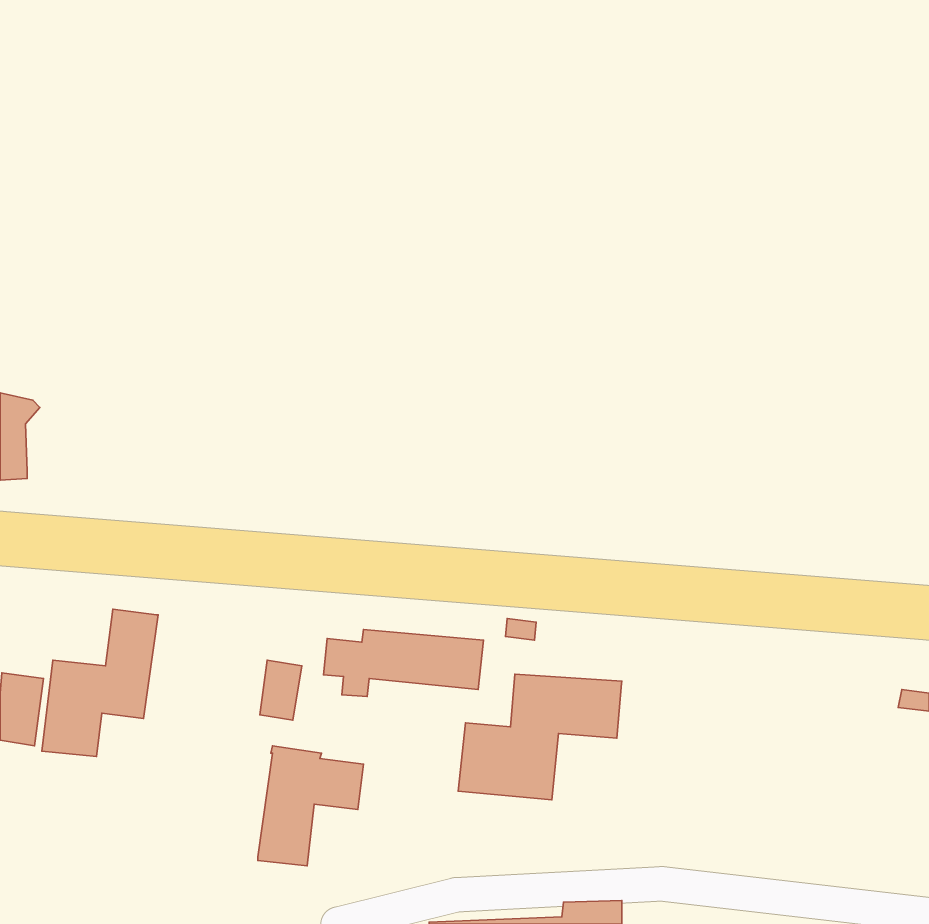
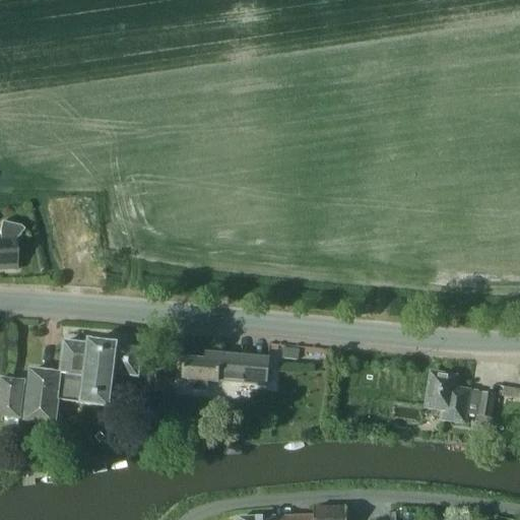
building: none -> [425,371,494,427]
building: [458,674,622,800] -> none
building: [258,746,363,866] -> [80,339,139,406]

